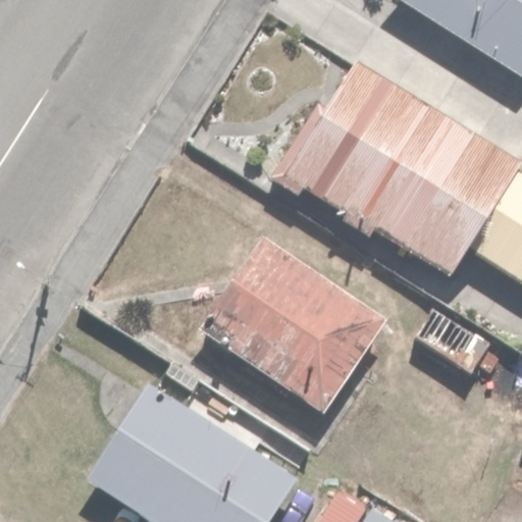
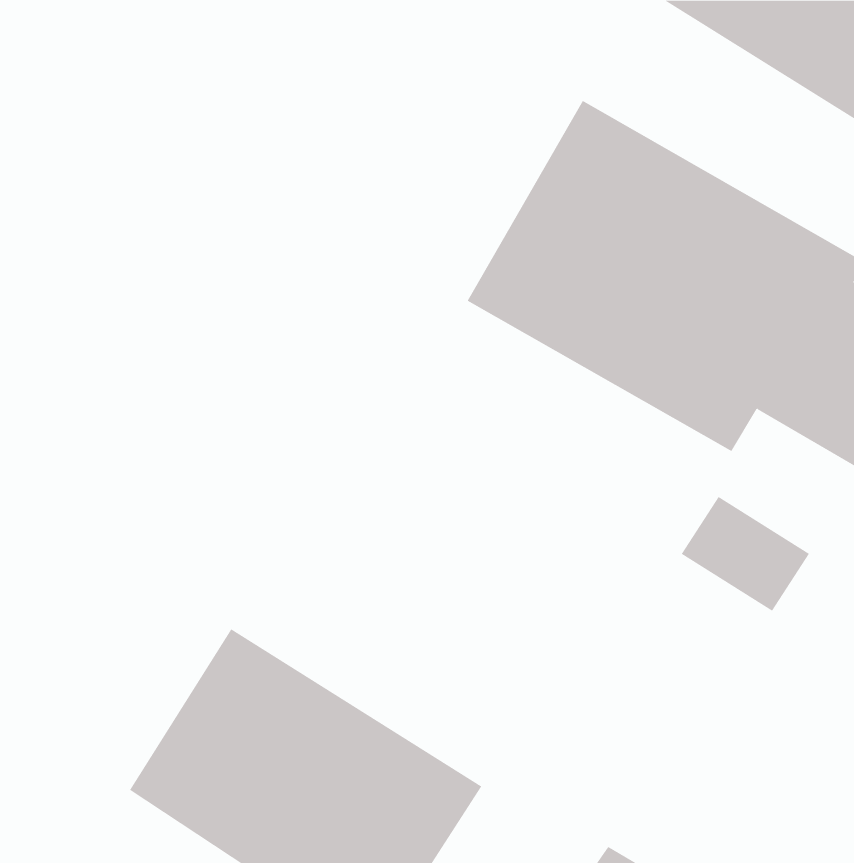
building: [202,238,383,409] -> none

